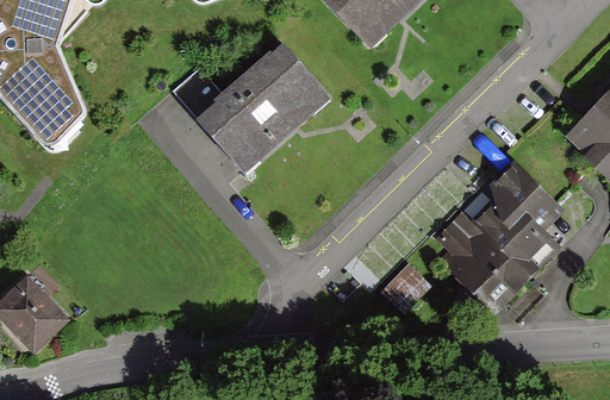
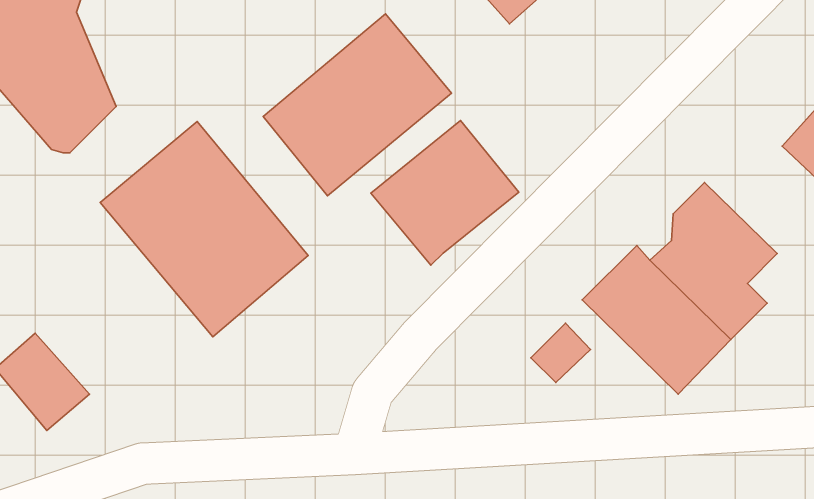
building: none -> [371,120,519,265]
building: none -> [100,121,308,337]

